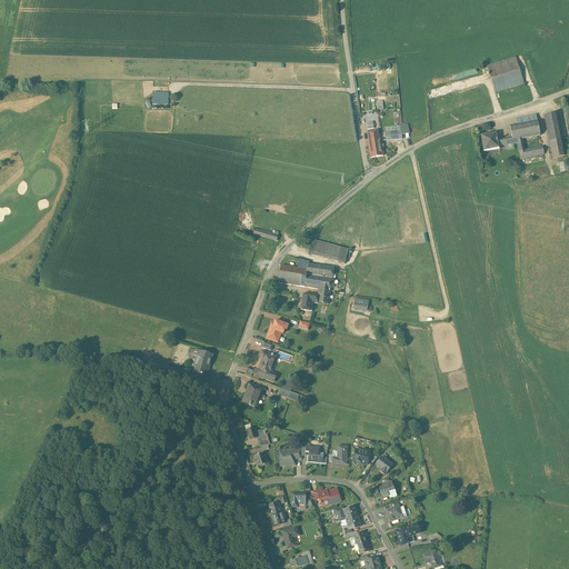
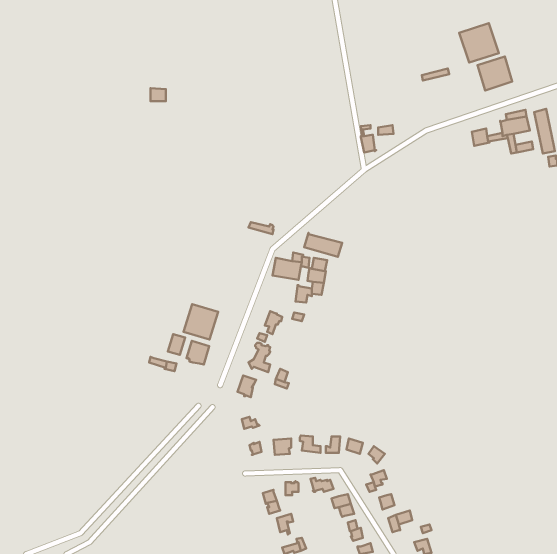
building: none -> [459,23,499,63]
building: none -> [184,304,218,340]

